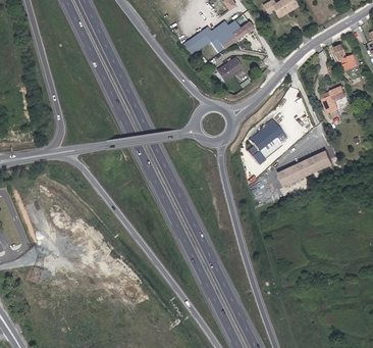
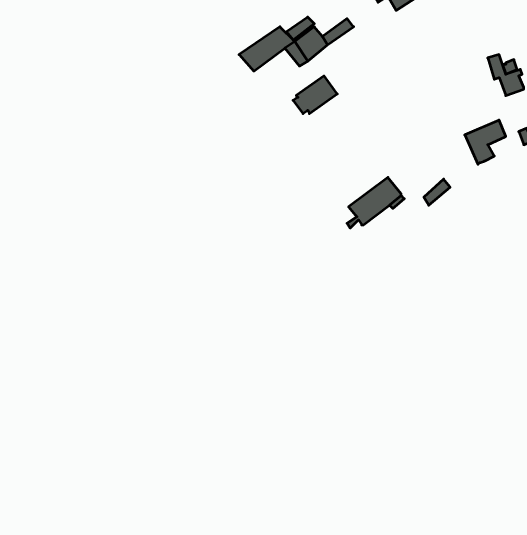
building: [279,151,334,187] -> none

